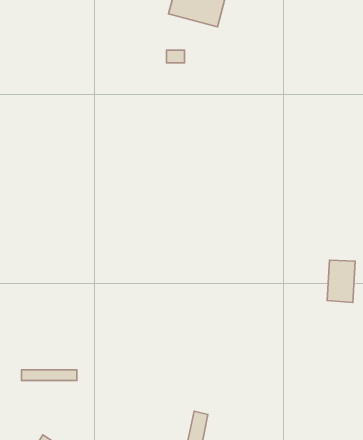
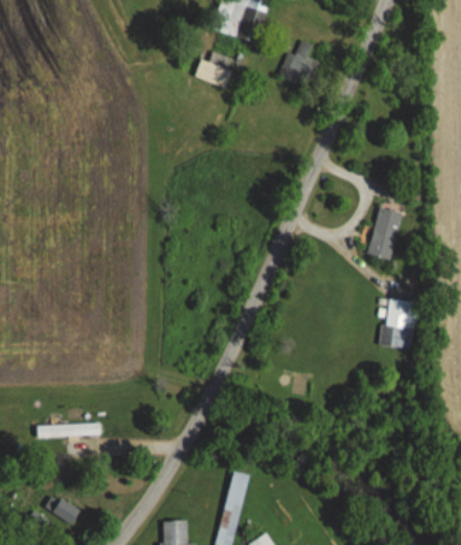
building: none -> [282,36,321,82]
building: none -> [367,206,406,260]

